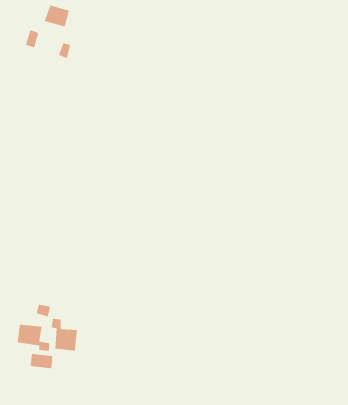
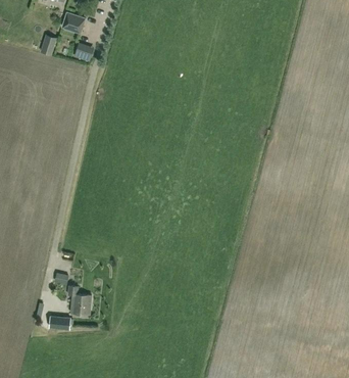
building: [17,324,50,351] -> none

